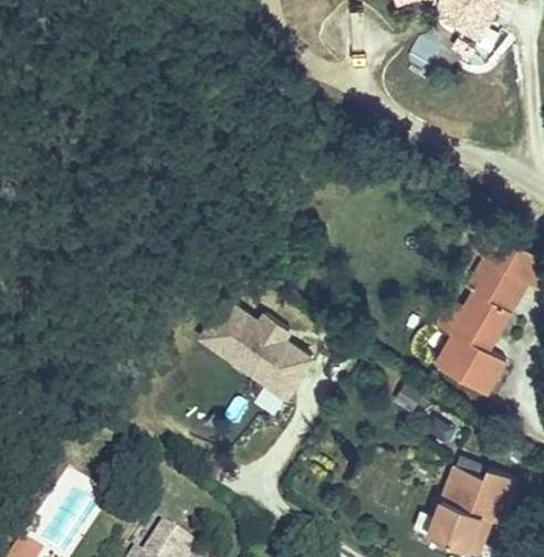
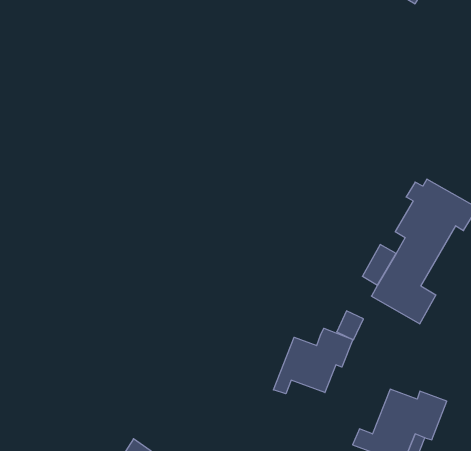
building: [202,303,312,396] -> none
building: none -> [273,328,353,394]

